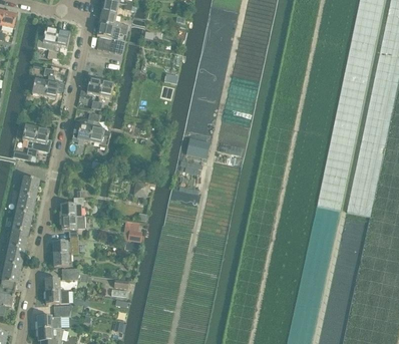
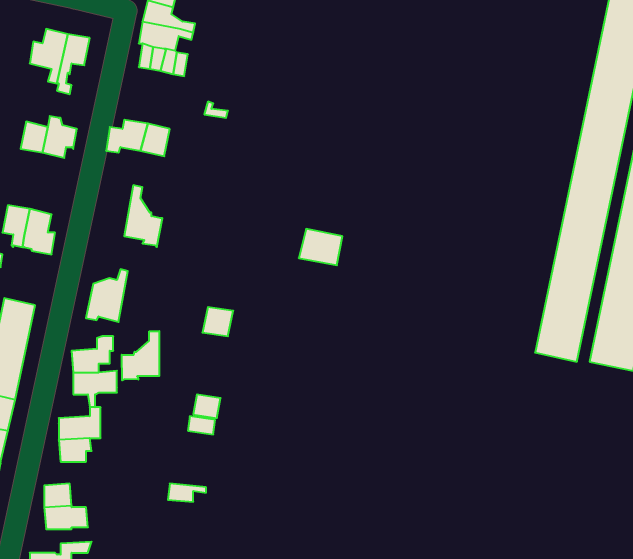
building: [71,111,94,140] -> [86,269,128,322]
building: none -> [122,331,159,380]

